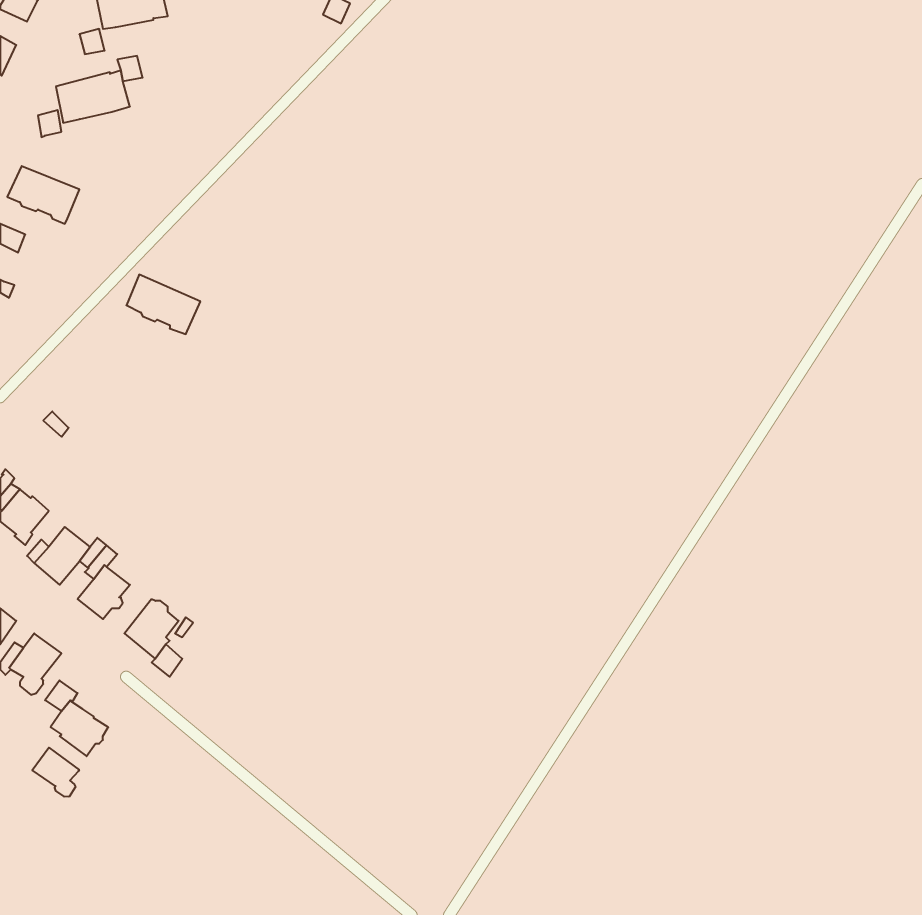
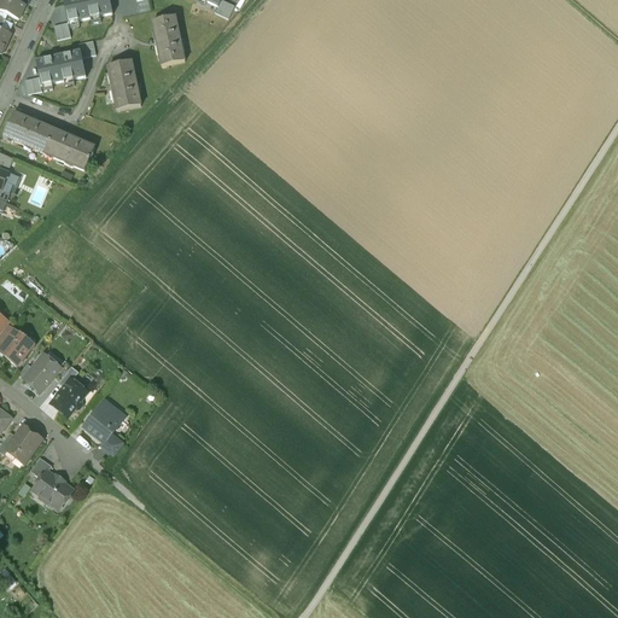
building: none -> [151,13,183,63]
building: none -> [107,58,140,107]
building: [126,275,200,334] -> [45,127,94,167]
building: [32,748,79,797] -> none

